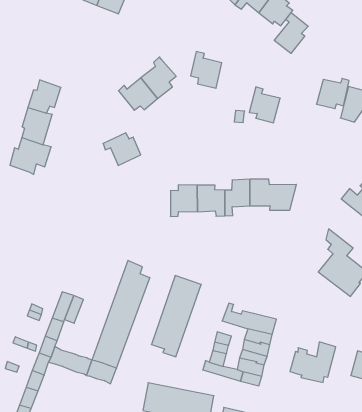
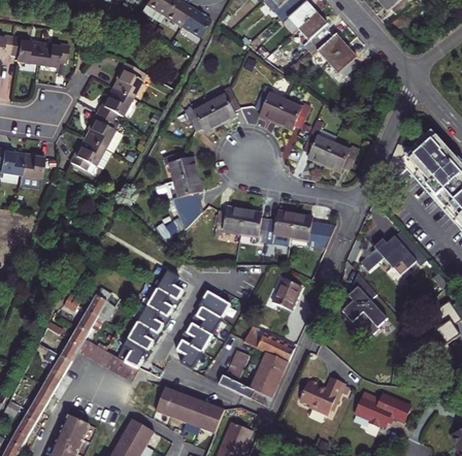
building: [274,13,308,53] -> none
building: none -> [113,61,142,98]
building: none -> [275,101,309,130]
building: [316,78,349,109] -> [323,143,357,172]
building: none -> [172,173,200,231]
building: none -> [271,276,300,307]

